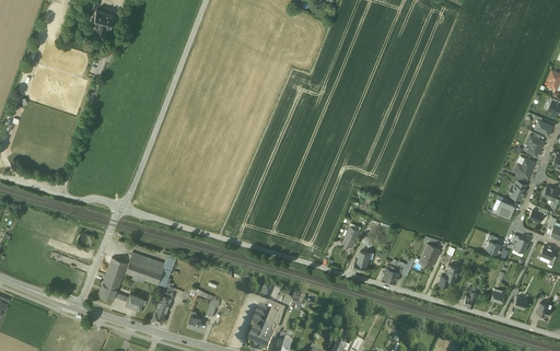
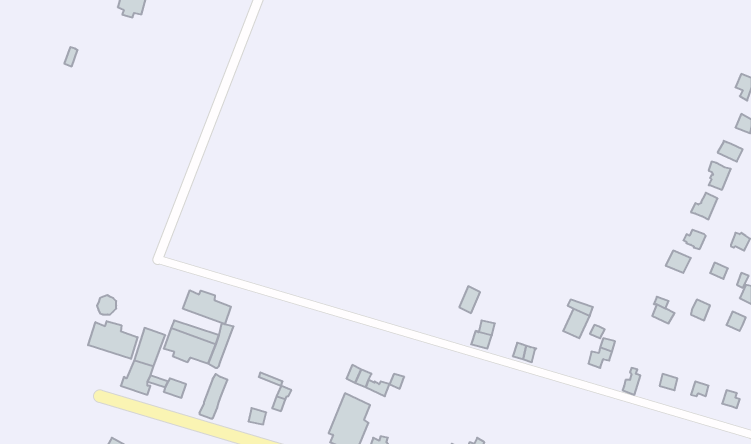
building: none -> [183,290,231,324]
building: none -> [88,321,138,359]

